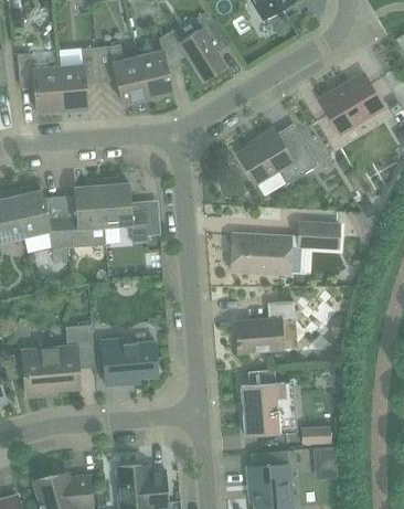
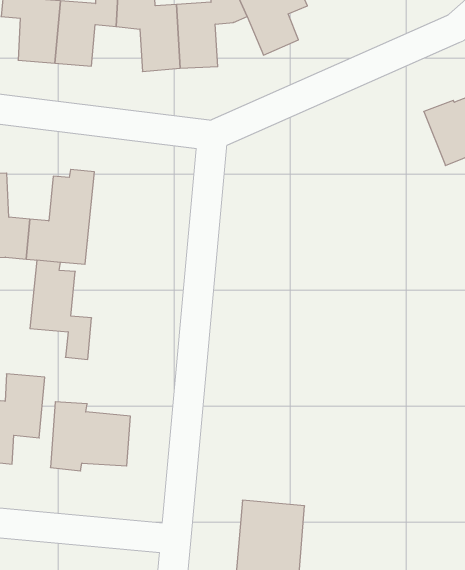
building: [235,124,317,184] -> none
building: [100,178,147,242] -> [30,260,92,359]
building: [231,222,338,274] -> none
building: [234,300,295,352] -> none

